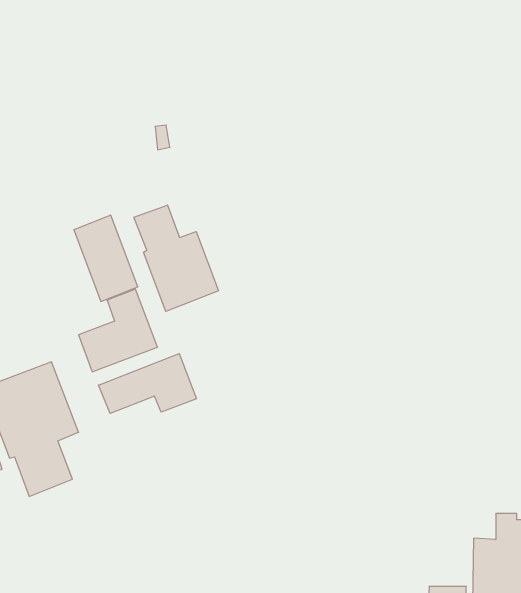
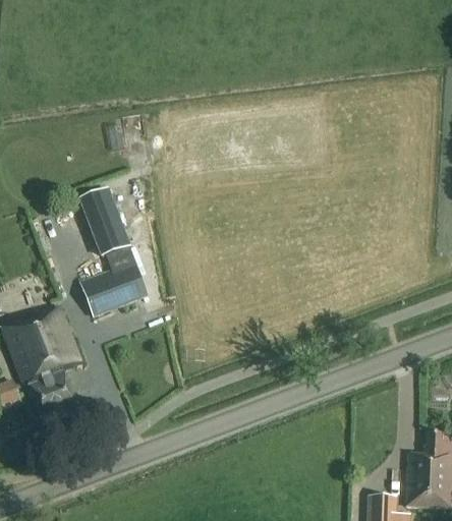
building: [134,205,219,311] -> none
building: [98,354,197,413] -> none

